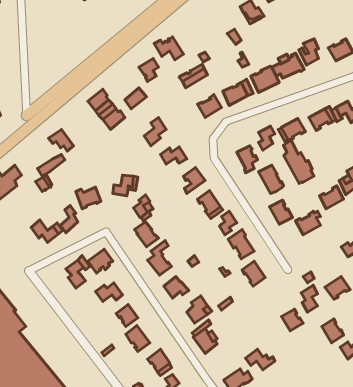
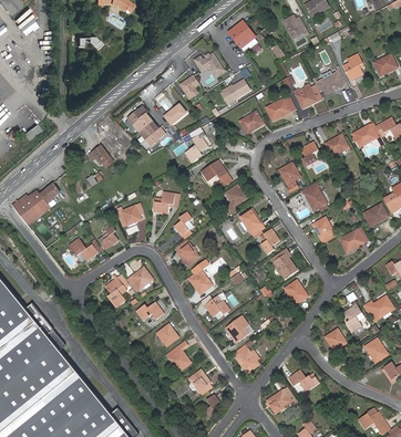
building: none -> [228,21,257,51]
building: [283,140,314,184] -> none

